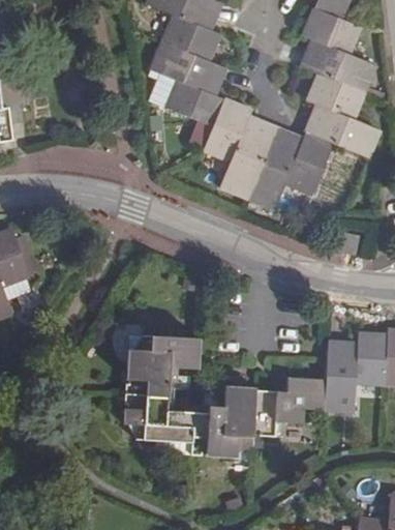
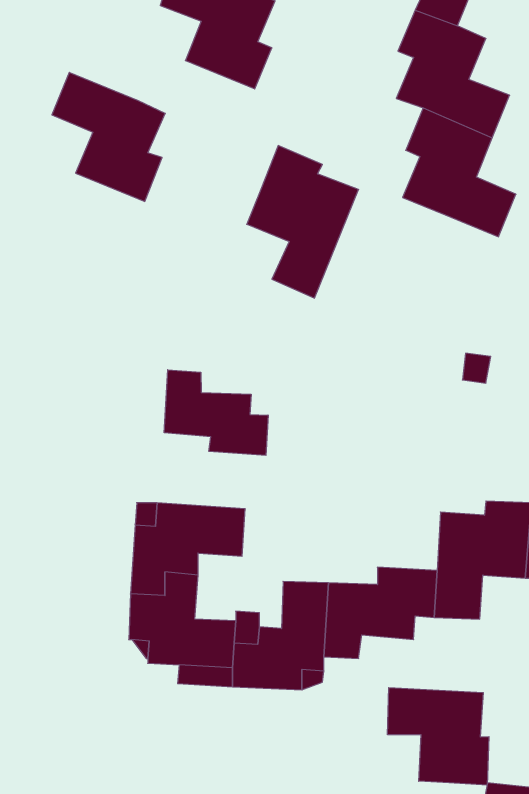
building: [150,42,224,127] -> [52,72,165,201]
building: [246,127,332,209] -> none
building: none -> [164,370,268,455]
building: none -> [388,688,489,785]

